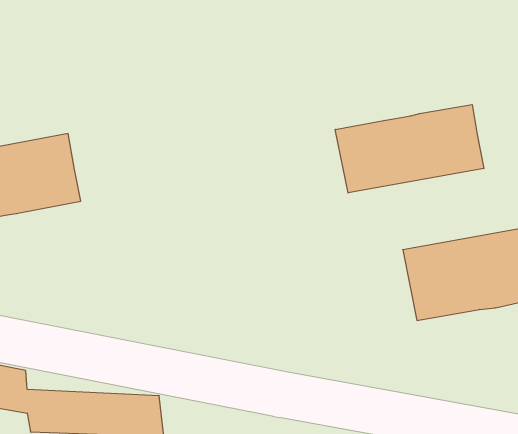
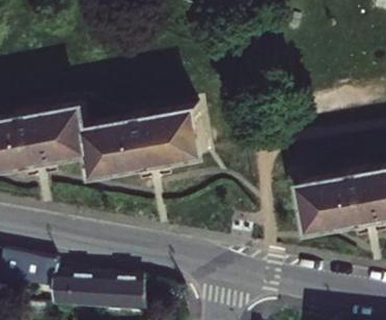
building: [335,105,484,193] -> none
building: none -> [81,110,201,176]

